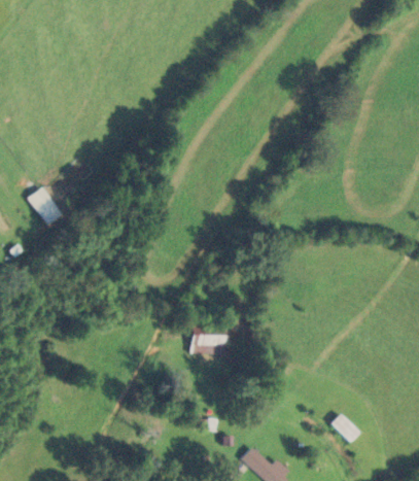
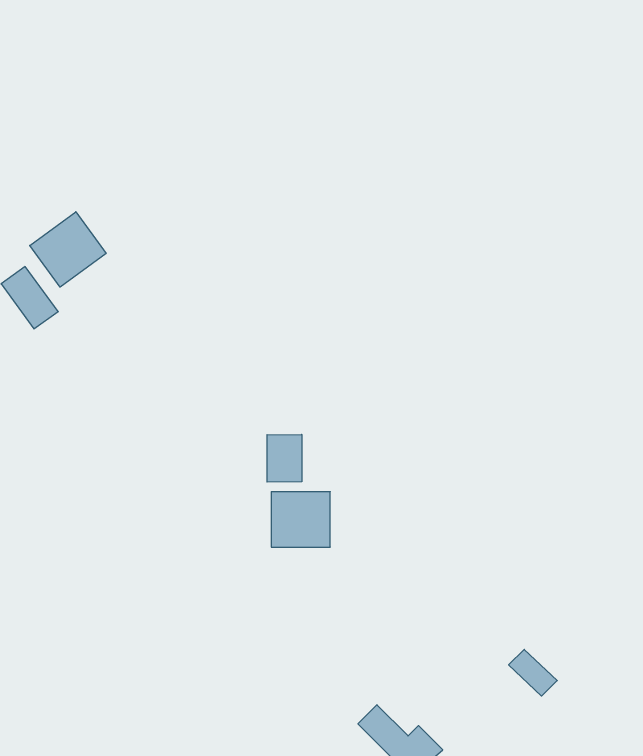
building: none -> [30,212,106,287]
building: none -> [267,434,302,482]

